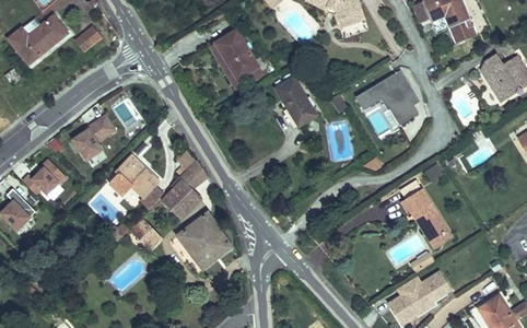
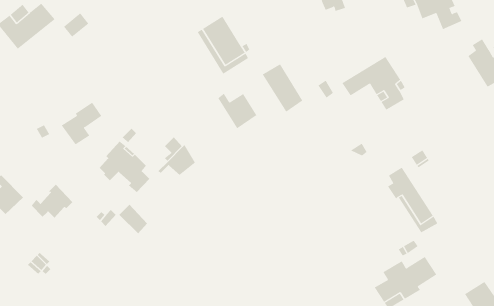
building: none -> [217,93,257,129]
building: [23,160,66,195] -> [31,184,73,219]
building: [161,180,200,220] -> none
building: [176,212,232,269] -> none

